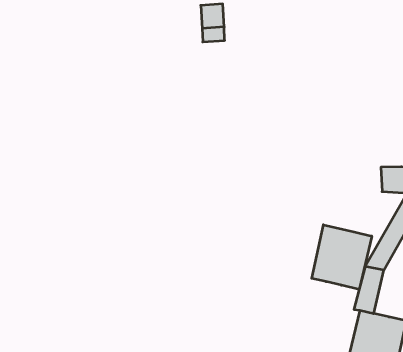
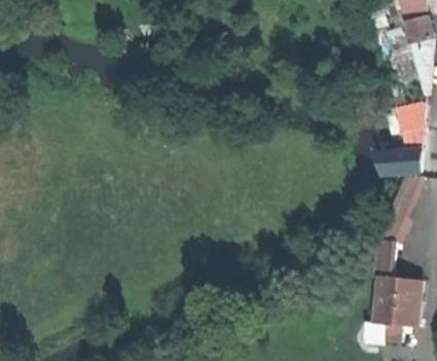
building: [312,225,372,289] -> none

